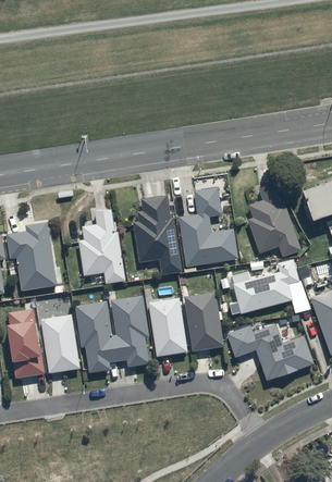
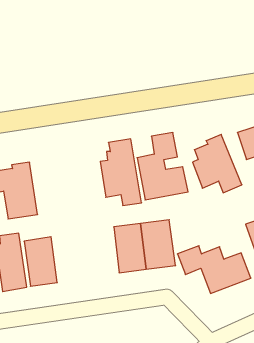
building: [77,209,124,284] -> none
building: [226,260,299,316] -> none
building: [74,296,150,373] -> none

